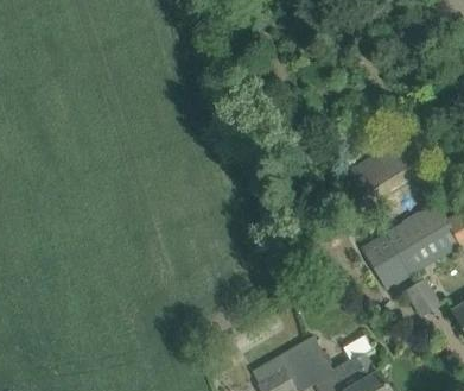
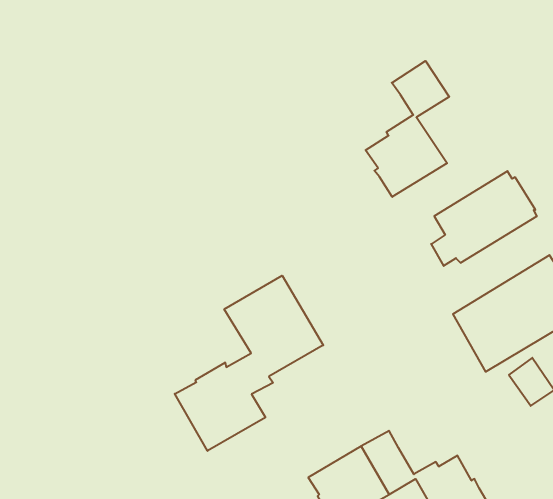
building: none -> [366,61,449,197]
building: none -> [175,276,323,451]

